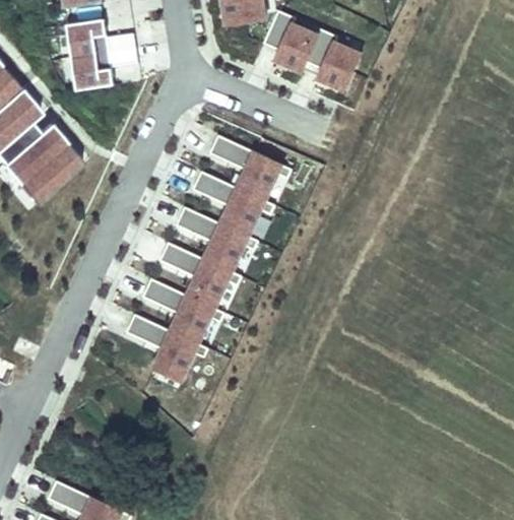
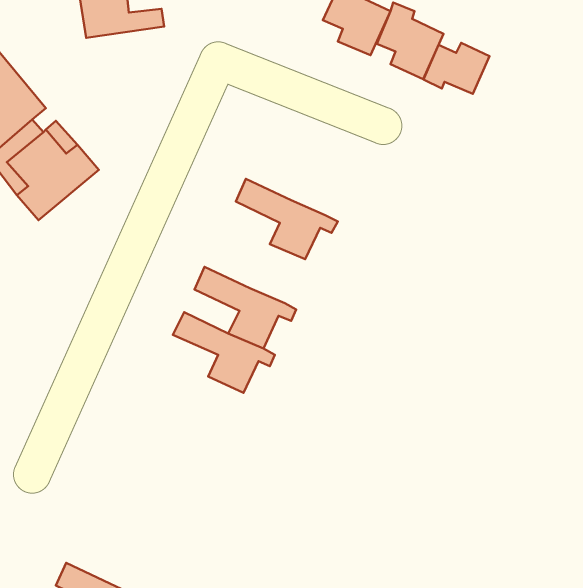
building: [72,48,138,90] -> none
building: none -> [424,43,489,94]
building: [209,135,292,200] -> none
building: [176,206,258,271] -> none
building: [126,314,208,381] -> none

